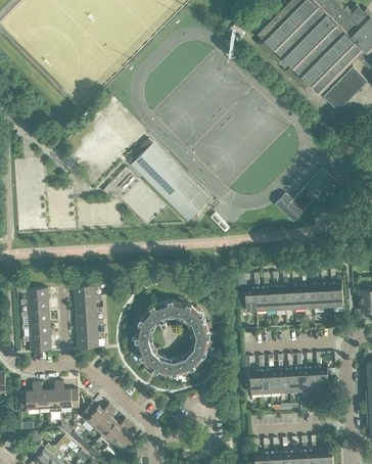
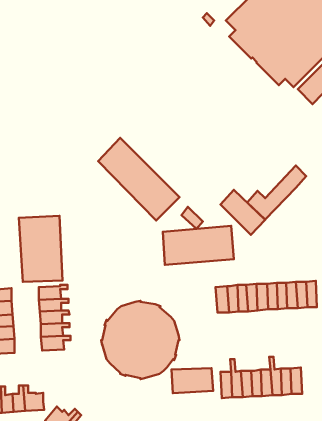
building: none -> [220,190,265,235]
building: none -> [19,216,62,282]
building: none -> [163,226,234,265]
building: none -> [172,368,213,393]

